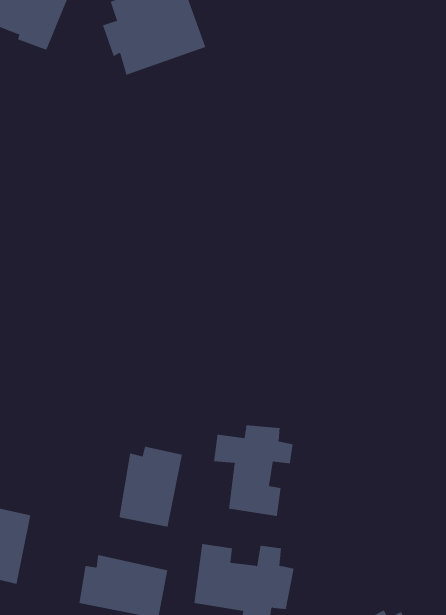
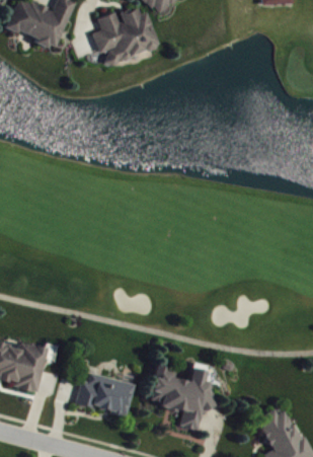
building: [213,424,293,517] -> none
building: [119,446,182,527] -> none

